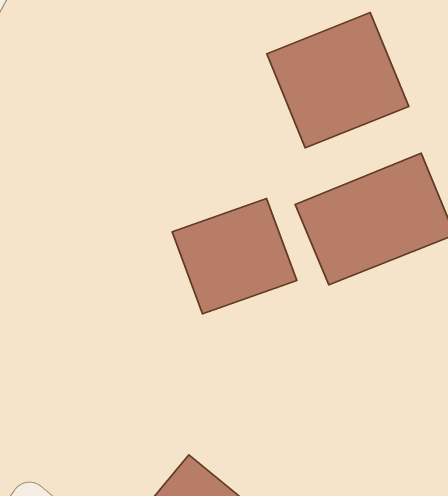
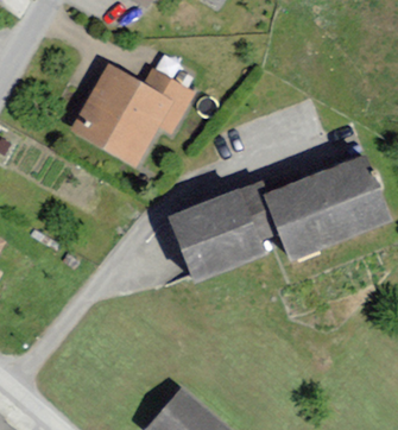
building: [267,13,409,148] -> none
building: none -> [71,67,195,169]

